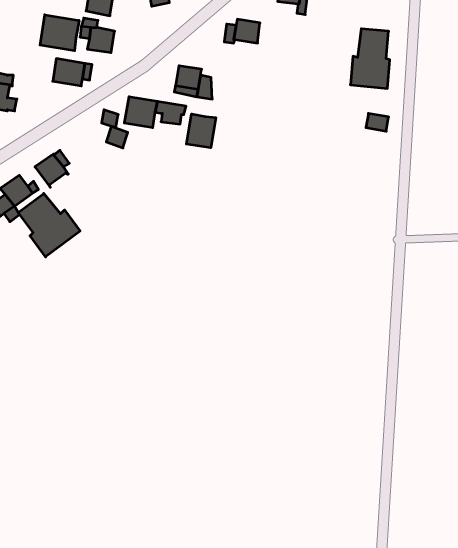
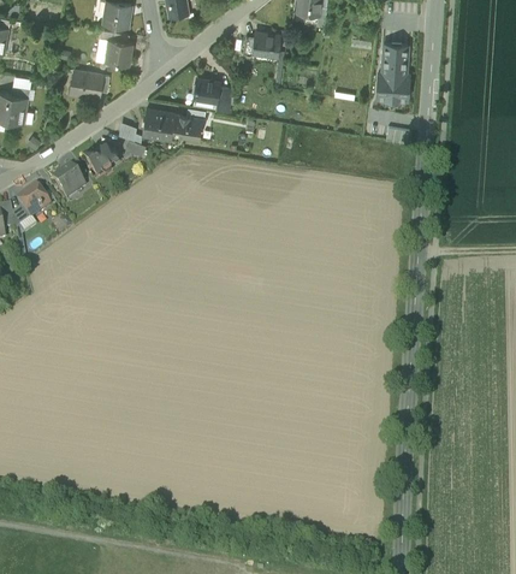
building: [40,15,79,51] -> none
building: [186,114,216,148] -> none
building: none -> [83,142,120,177]
building: [18,193,80,257] -> none

